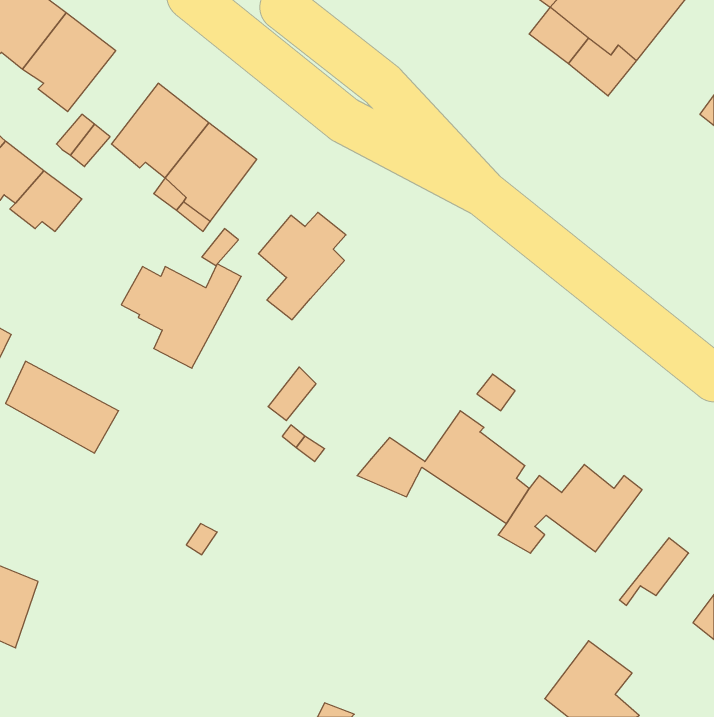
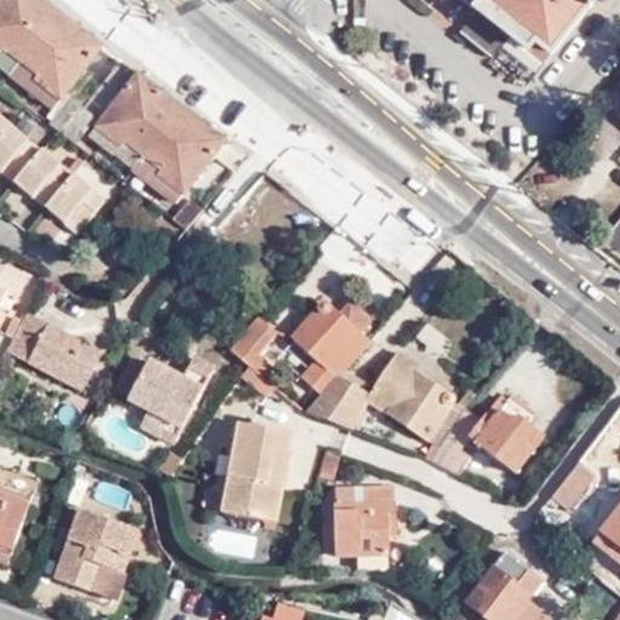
building: none -> [41,171,107,228]
building: [258,212,346,320] -> [289,302,364,394]
building: [121,264,241,368] -> [111,354,214,443]
building: none -> [220,426,293,521]
building: none -> [335,489,395,567]
building: none -> [52,515,136,598]

